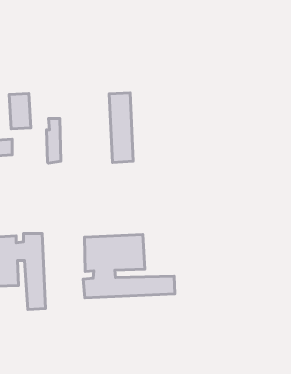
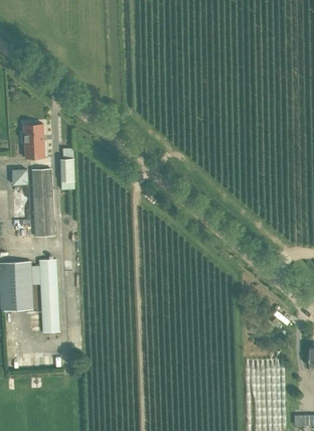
building: [109,93,133,162] -> [31,169,54,237]
building: [83,235,175,298] -> none

